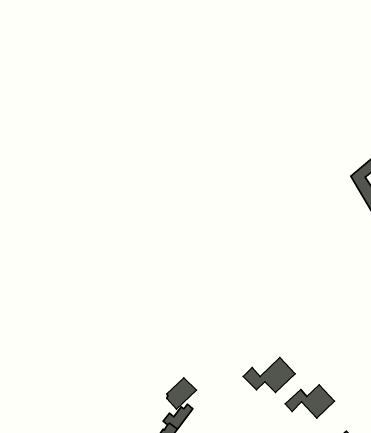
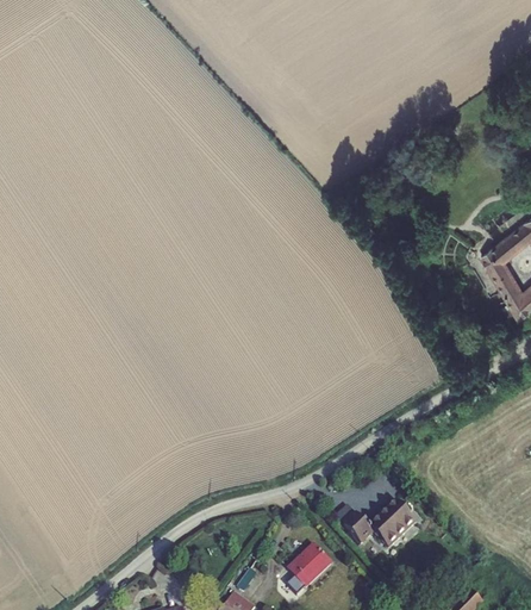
building: [167,378,196,409] -> [293,544,332,586]
building: [285,385,335,418] -> none

